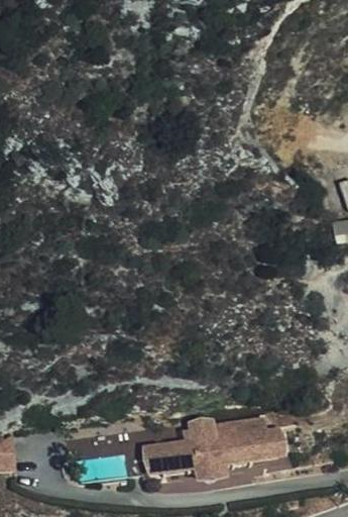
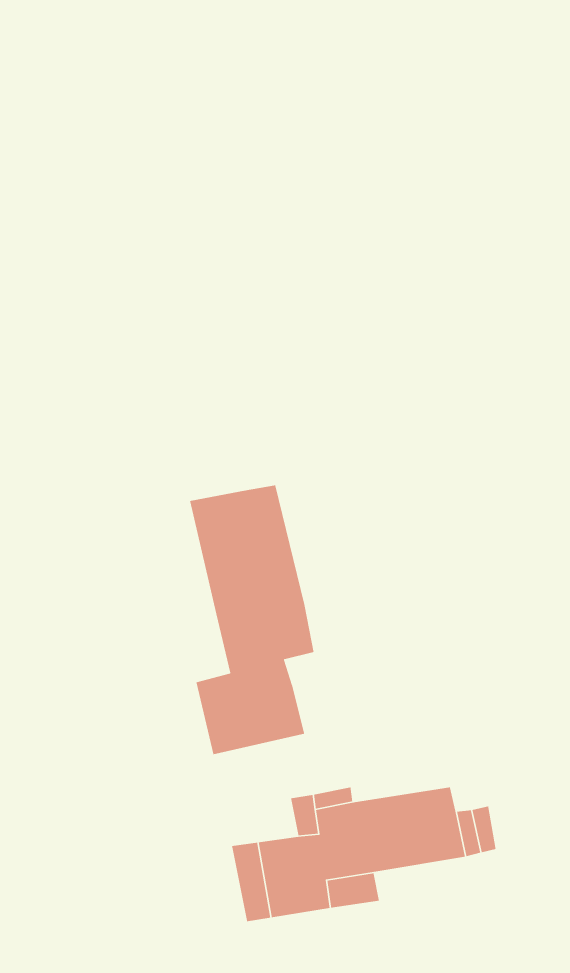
building: none -> [189,485,315,755]

